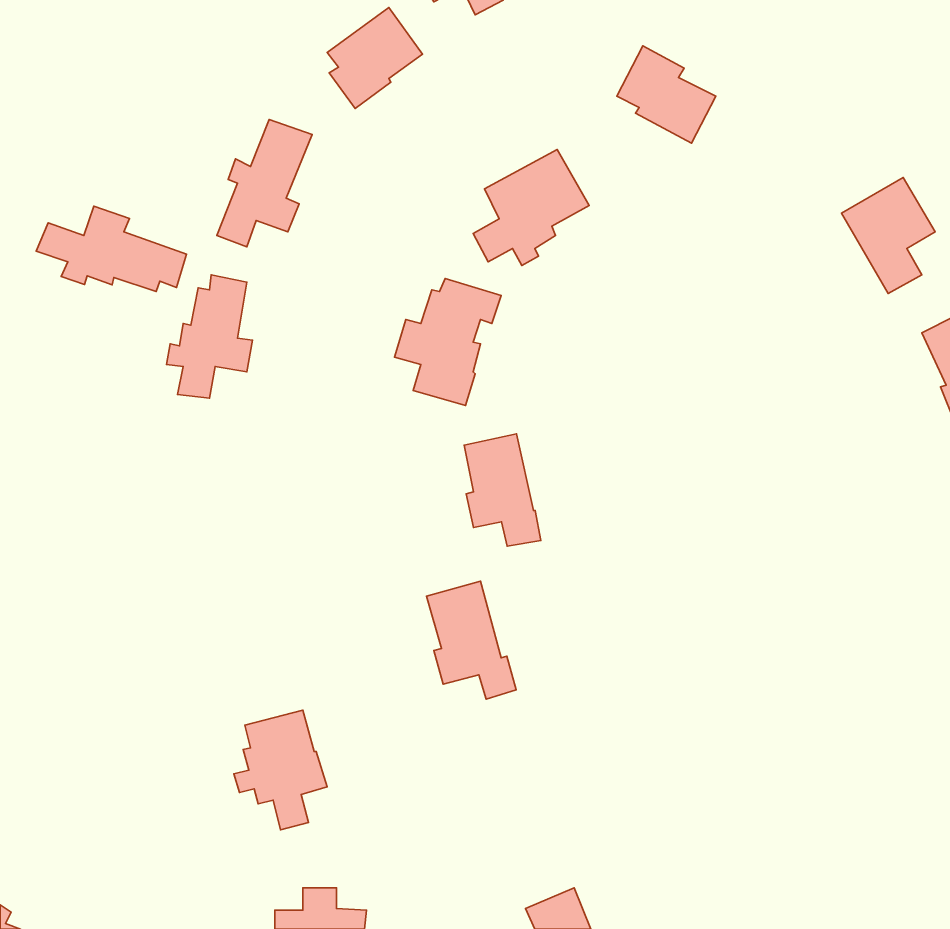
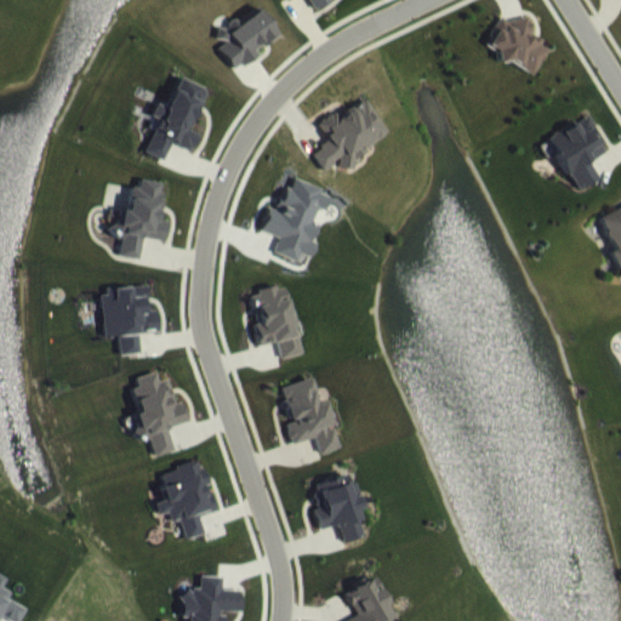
building: [617,46,716,143] -> [486,12,551,75]
building: [36,206,187,291] -> none
building: [464,434,541,546] -> [252,285,302,358]
building: none -> [102,286,159,355]
building: none -> [132,372,187,456]
building: none -> [313,473,363,542]

